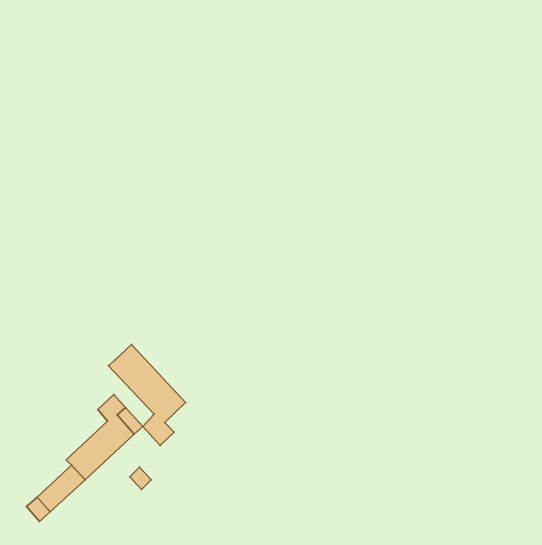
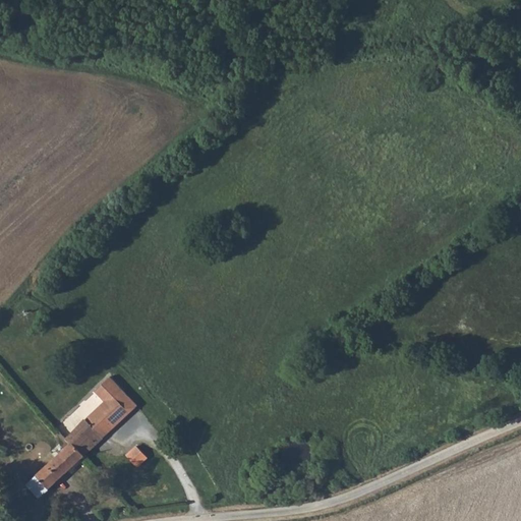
building: [108,345,185,445] -> none

